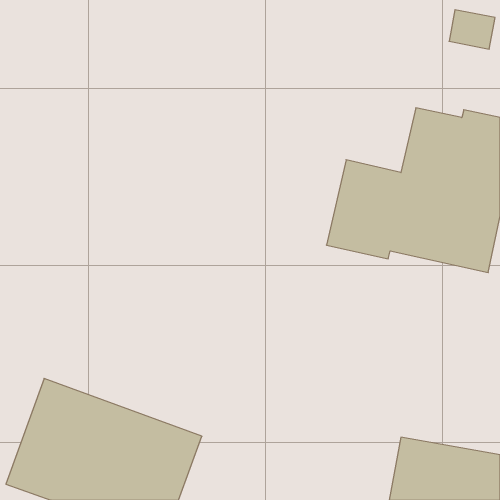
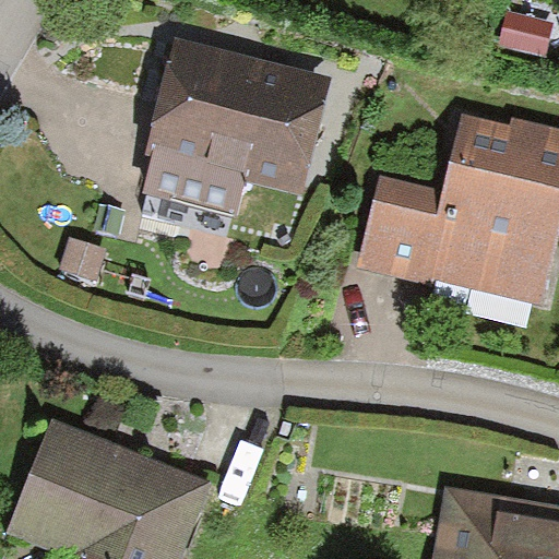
building: none -> [141,36,331,219]

